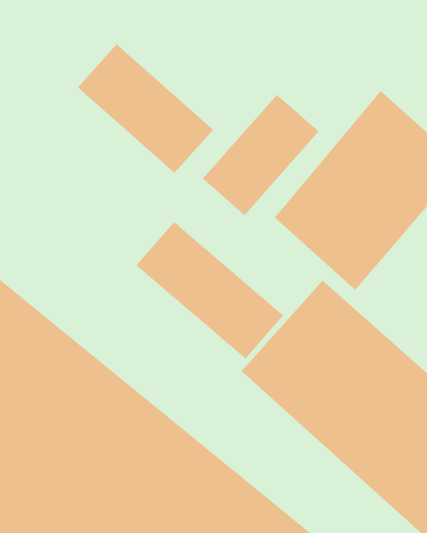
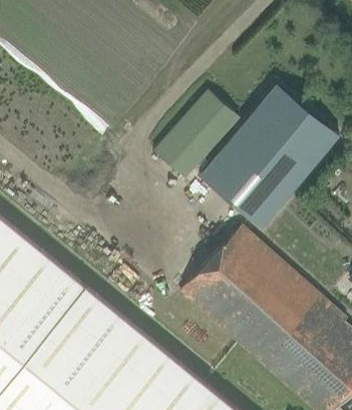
building: [77,44,214,173] -> none
building: [136,221,284,359] -> none

